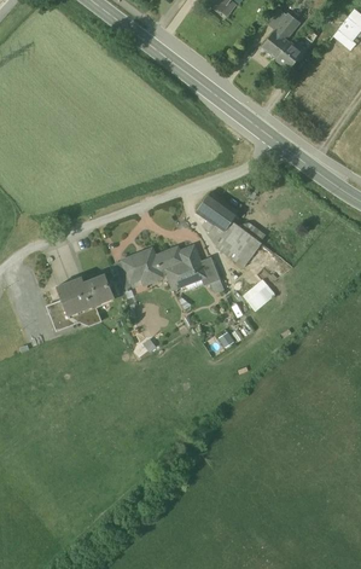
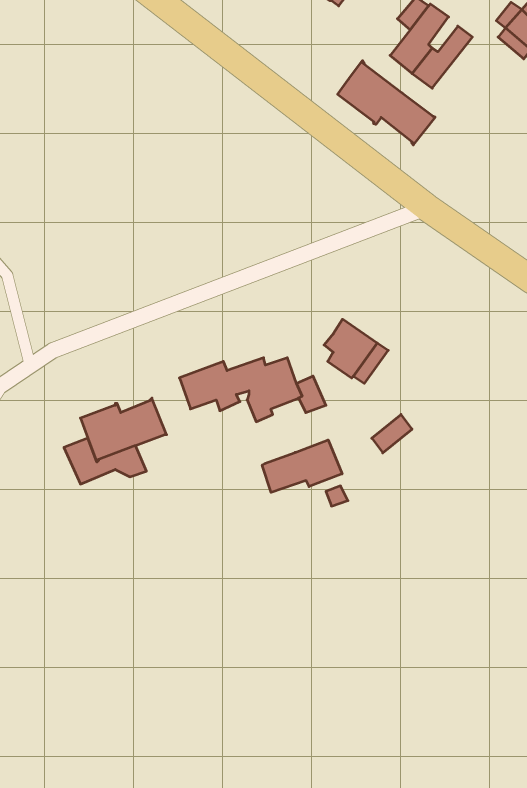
building: none -> [338,61,435,145]
building: [196,191,237,231] -> none
building: none -> [262,440,342,492]

